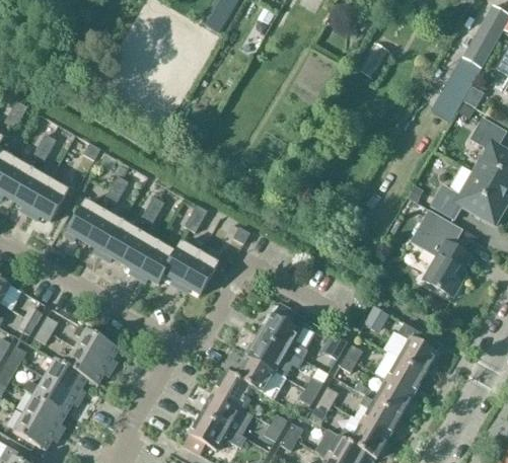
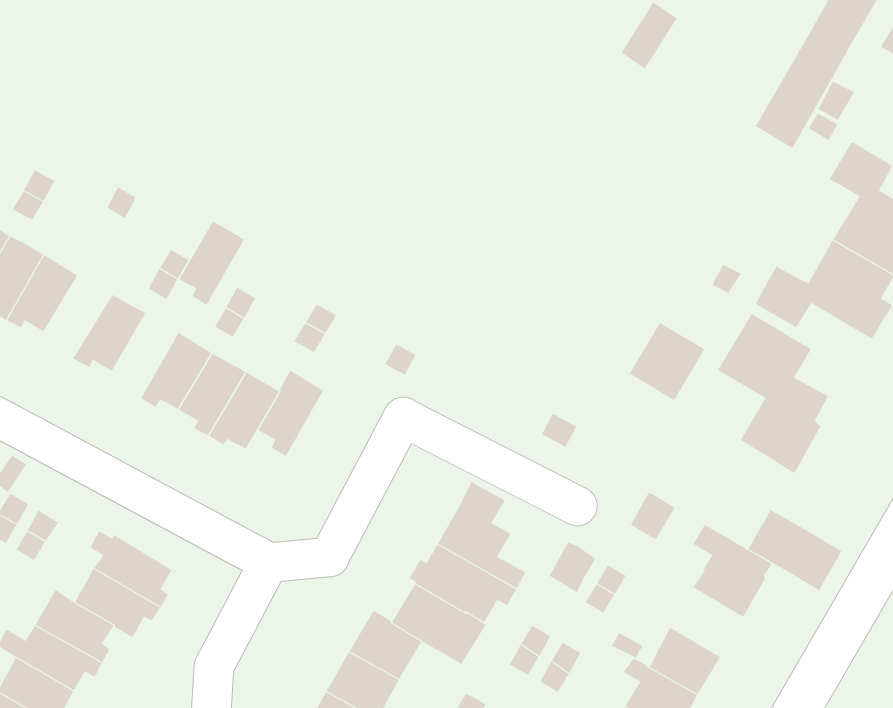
building: [86,211,122,256] -> [179,221,245,306]
building: none -> [629,322,705,400]
building: [179,252,218,294] -> none
building: [374,352,425,395] -> [748,510,842,591]

